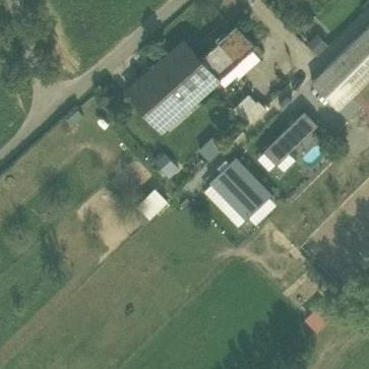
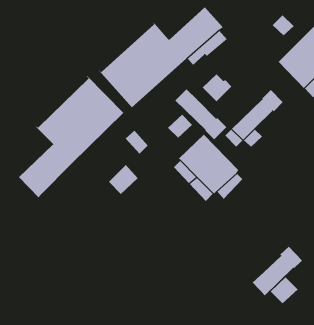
building: none -> [18,75,124,198]
building: none -> [174,88,227,140]
building: none -> [252,246,303,296]

